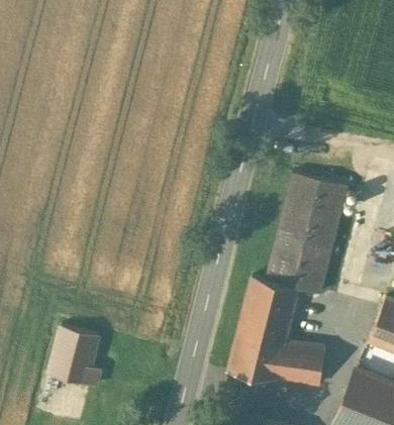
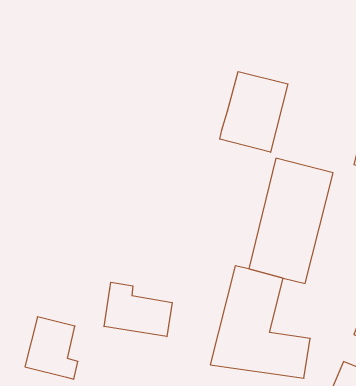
building: none -> [220,72,288,152]
building: none -> [104,282,172,337]

